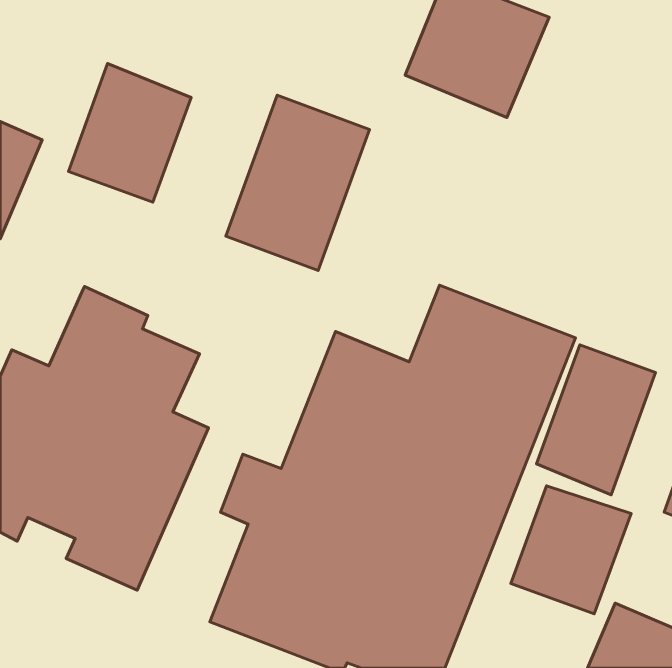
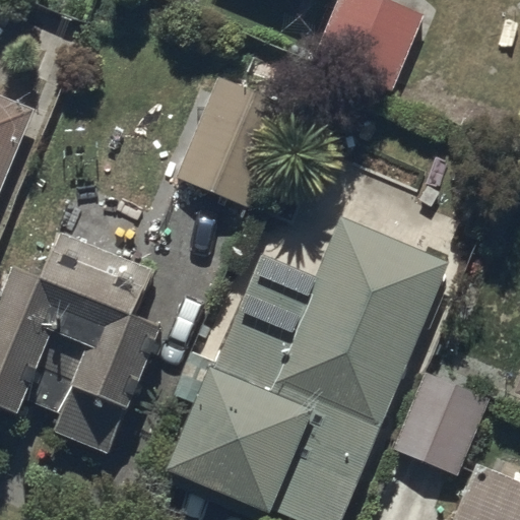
building: [69,64,191,202] -> none
building: [537,345,655,495] -> none

